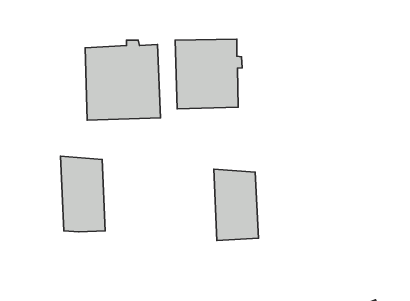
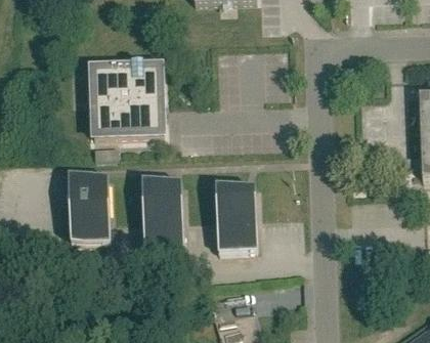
building: [175,39,242,109] -> none
building: none -> [142,175,185,252]

